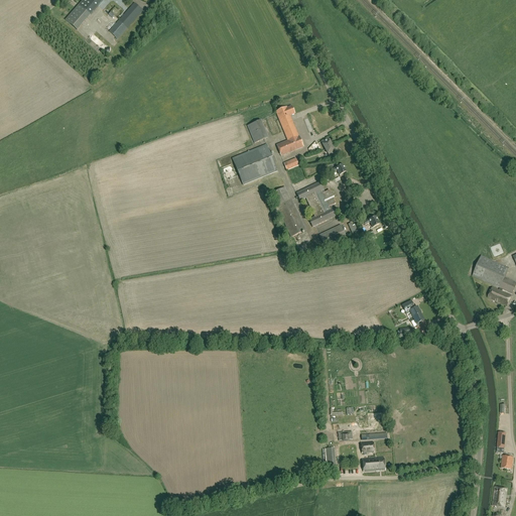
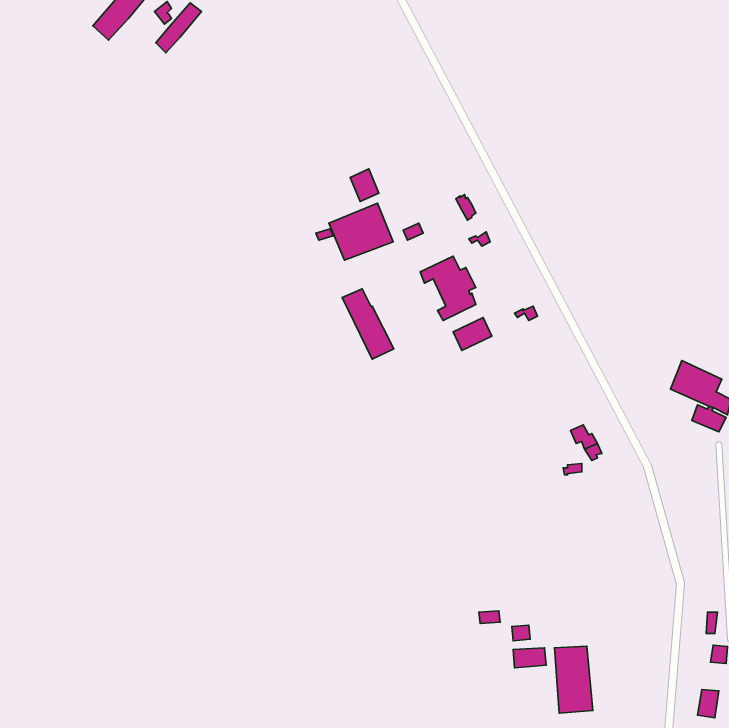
building: [277,105,304,154] -> none
building: [271,186,307,236] -> [342,289,394,359]
building: none -> [554,646,593,713]

